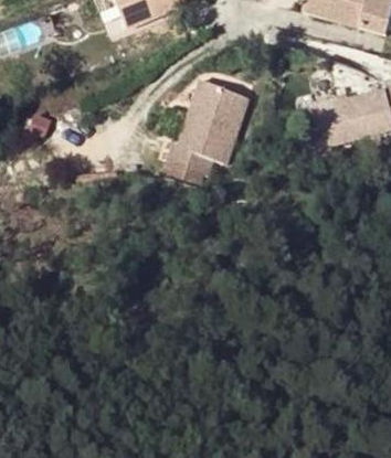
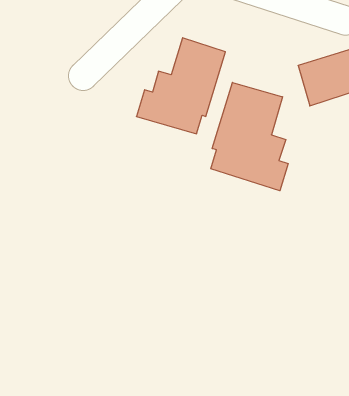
building: none -> [211,82,288,191]

